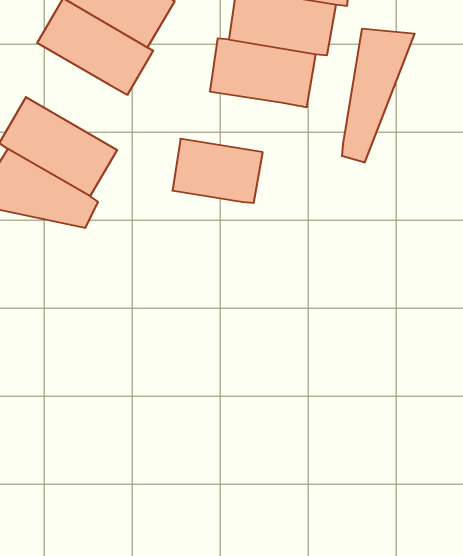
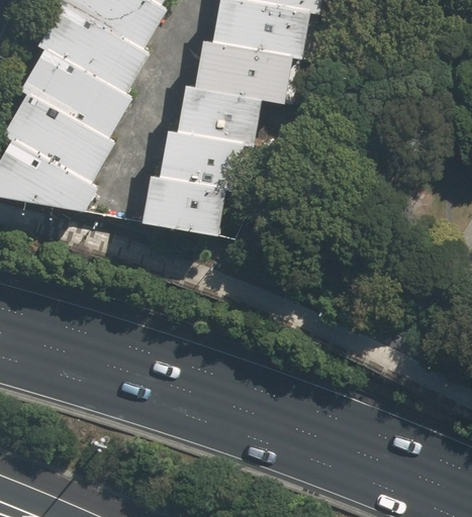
building: [342,29,415,163] -> none
building: none -> [24,48,130,137]
building: none -> [179,86,261,143]
building: none -> [145,175,225,235]

